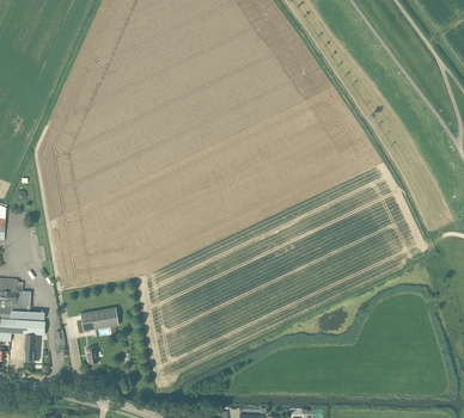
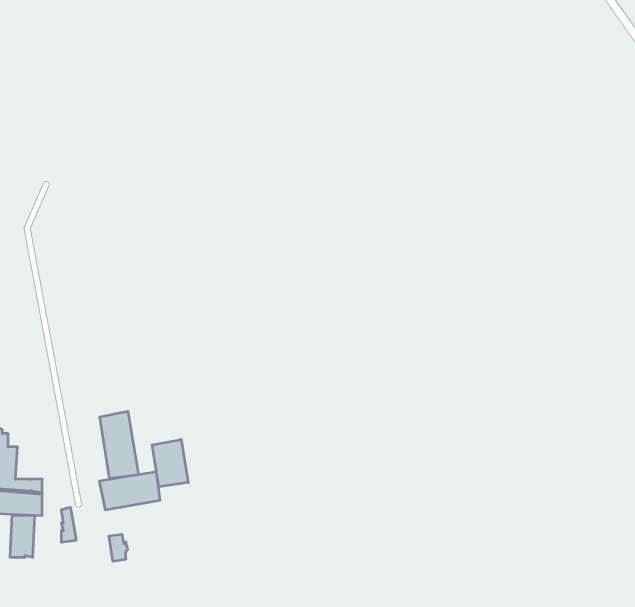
building: none -> [100,411,138,478]
building: none -> [152,439,188,487]

